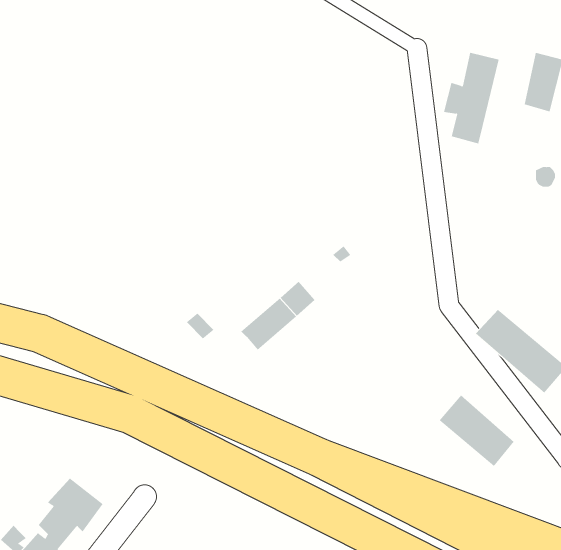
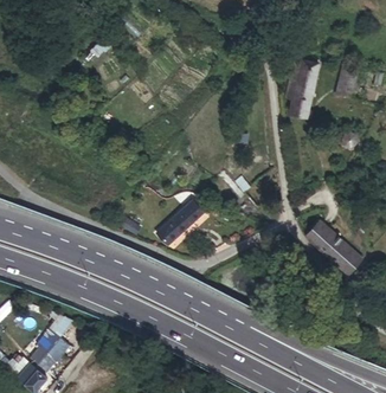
building: [439,395,514,467] -> none

